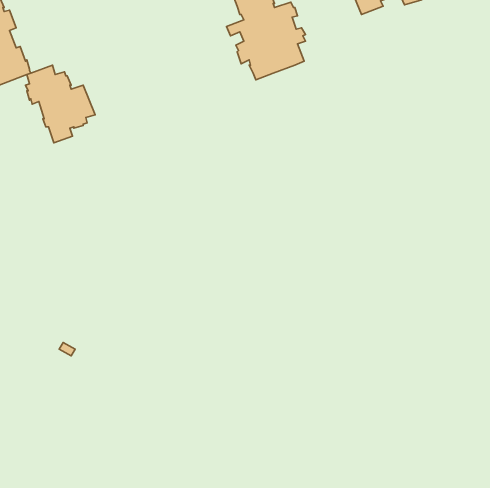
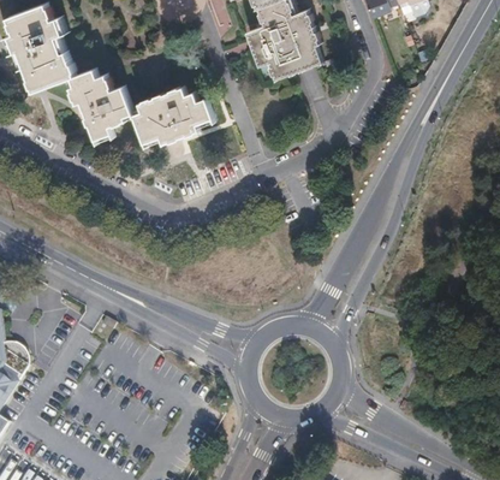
building: none -> [132,84,212,141]

